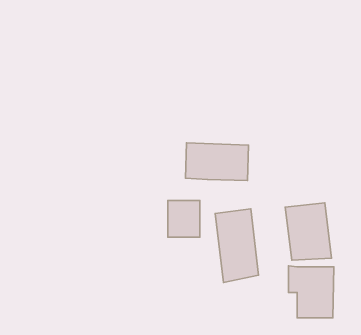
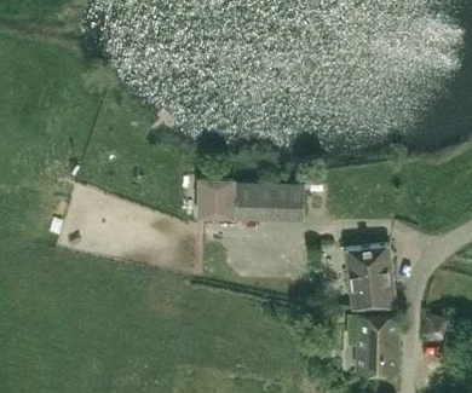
building: [168,201,200,237] -> [198,183,234,222]
building: [215,209,259,283] -> none

